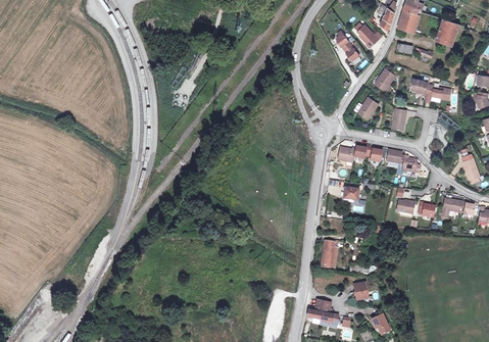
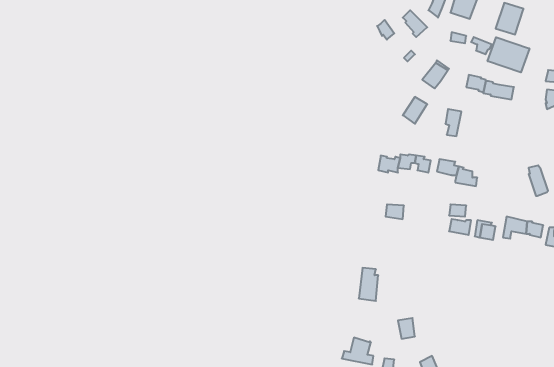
building: none -> [488,37,529,72]

